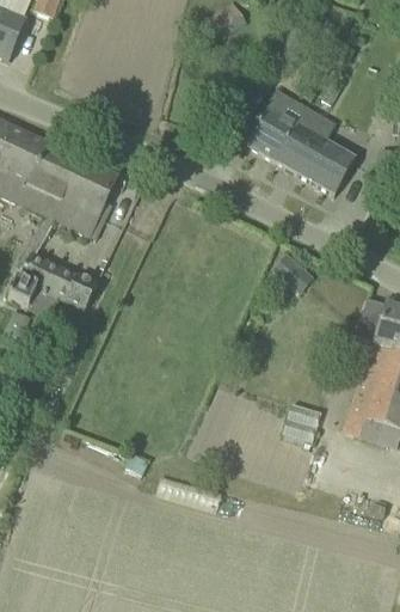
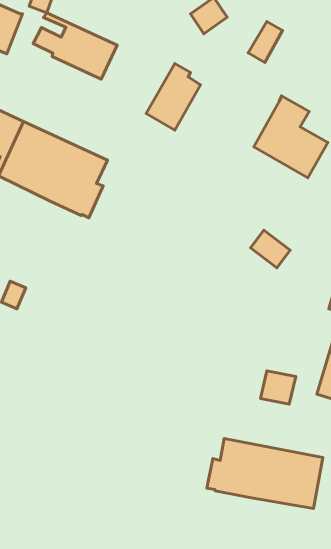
building: none -> [33,13,117,79]
building: [246,90,304,161] -> [146,64,200,130]
building: [10,253,98,310] -> none
building: none -> [207,438,323,509]

